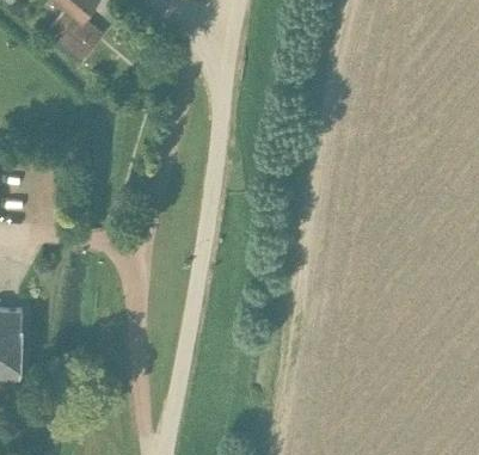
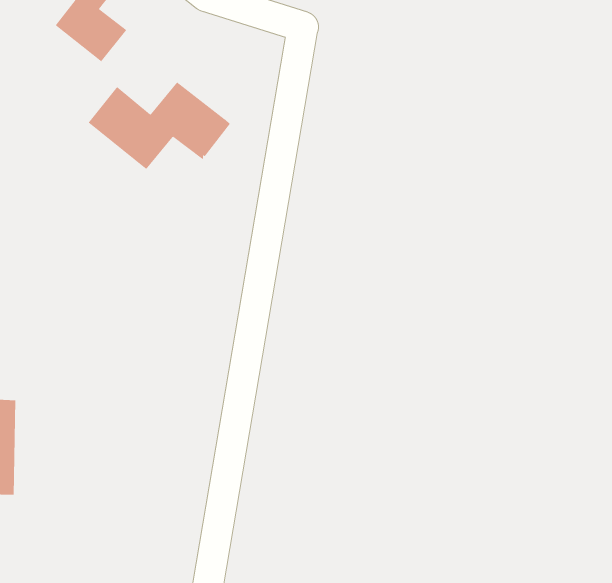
building: none -> [88,81,231,170]

